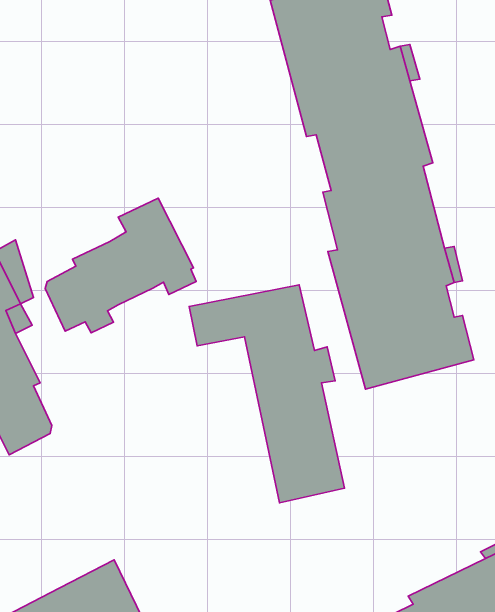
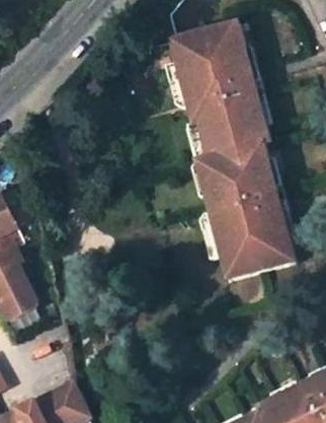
building: [45,198,196,333] -> none
building: [189,285,345,503] -> none

